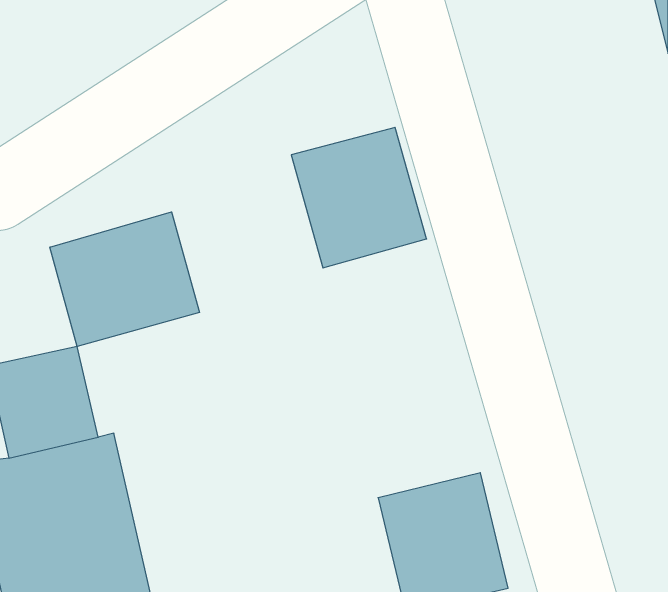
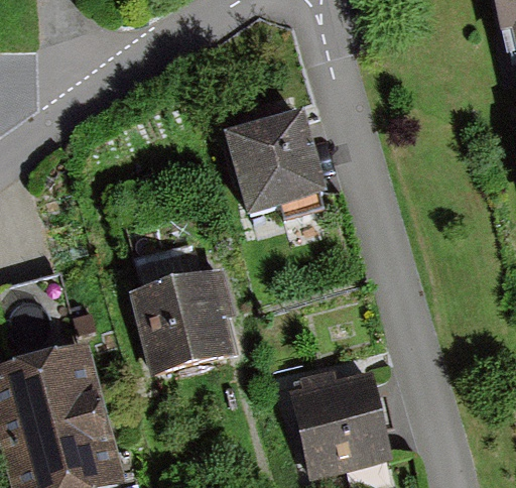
building: [50,212,200,347] -> none
building: none -> [126,267,236,376]

